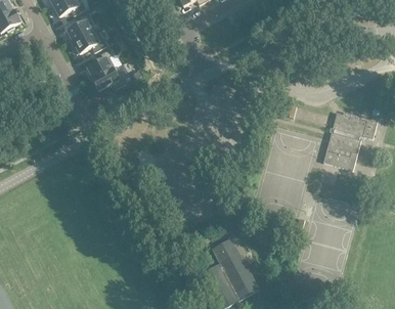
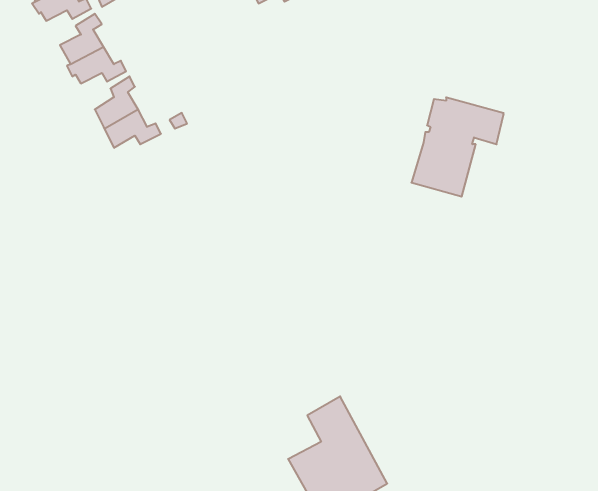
building: [322,111,377,169] -> [411,97,504,197]

